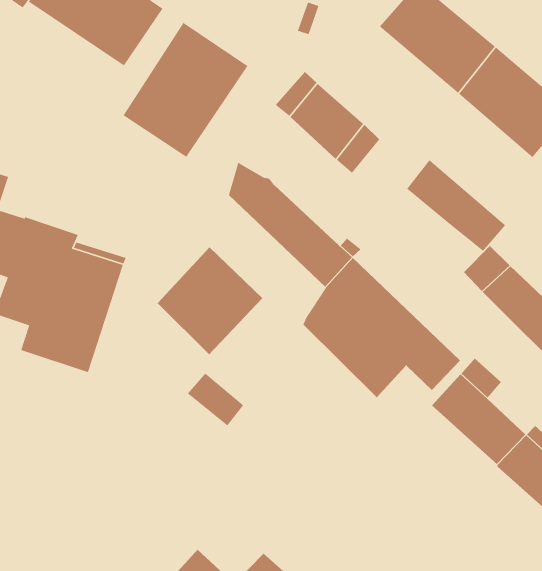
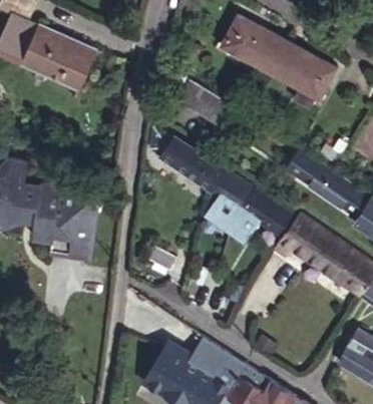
building: [122,22,248,158] -> none
building: [406,160,506,252] -> none
building: [157,246,263,355] -> none

